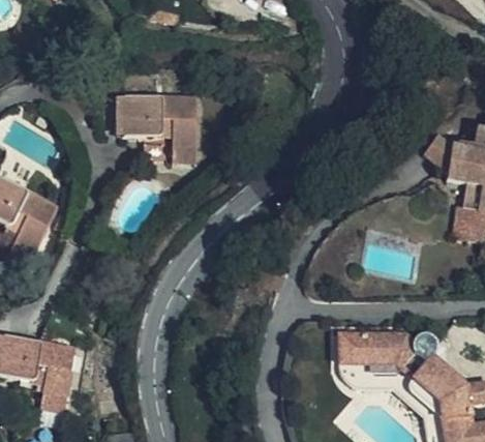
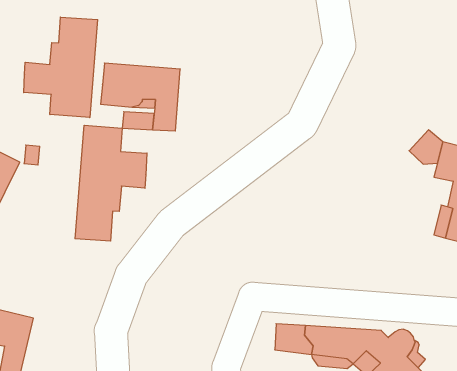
building: none -> [24,17,98,118]
building: none -> [75,125,147,241]

